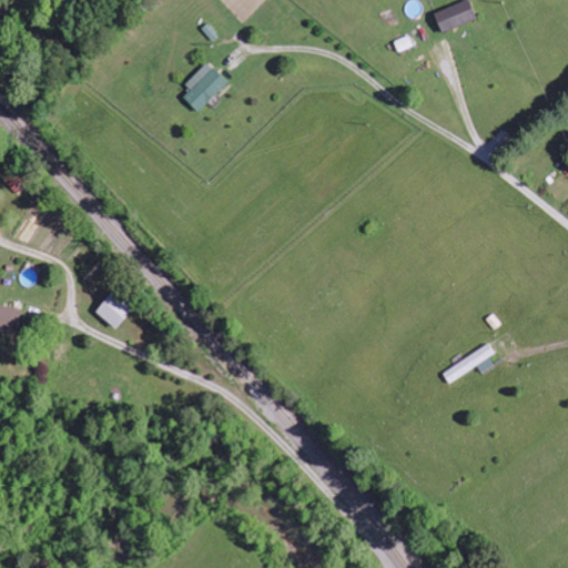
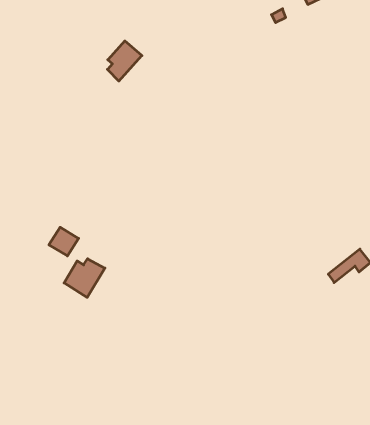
building: none -> [64,259,105,297]

